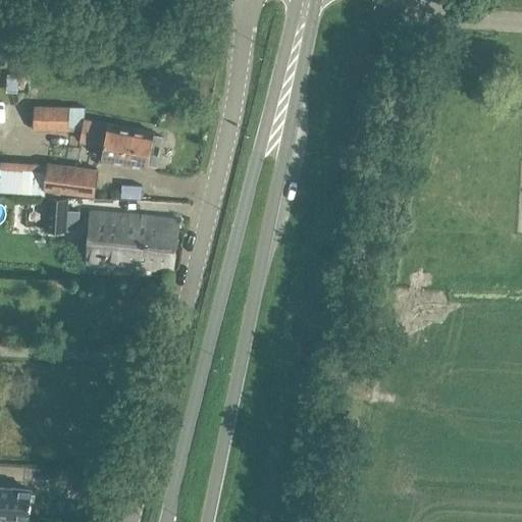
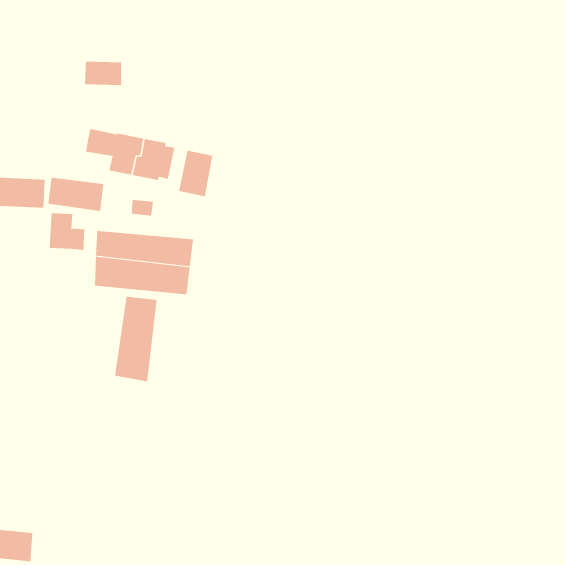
building: [33,106,67,128] -> [84,61,122,85]
building: none -> [179,150,213,197]
building: none -> [115,296,157,382]

